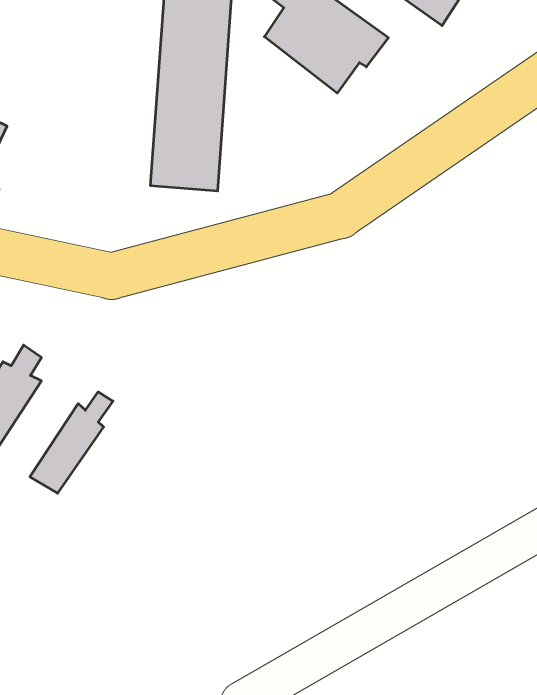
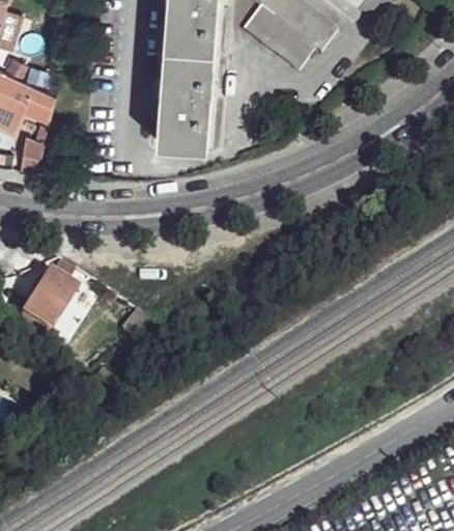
building: [30,392,113,493] -> none

